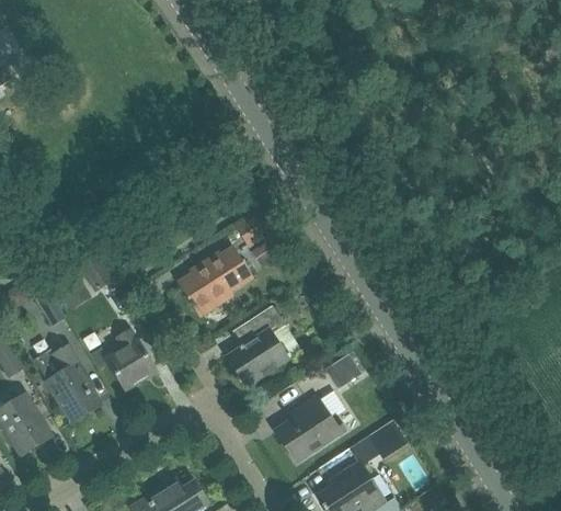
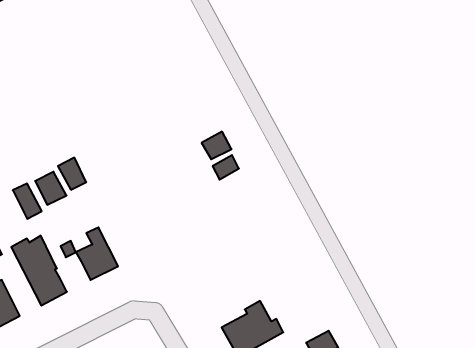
building: [180,249,250,314] -> none
building: [228,309,286,385] -> none
building: [324,353,362,388] -> none

